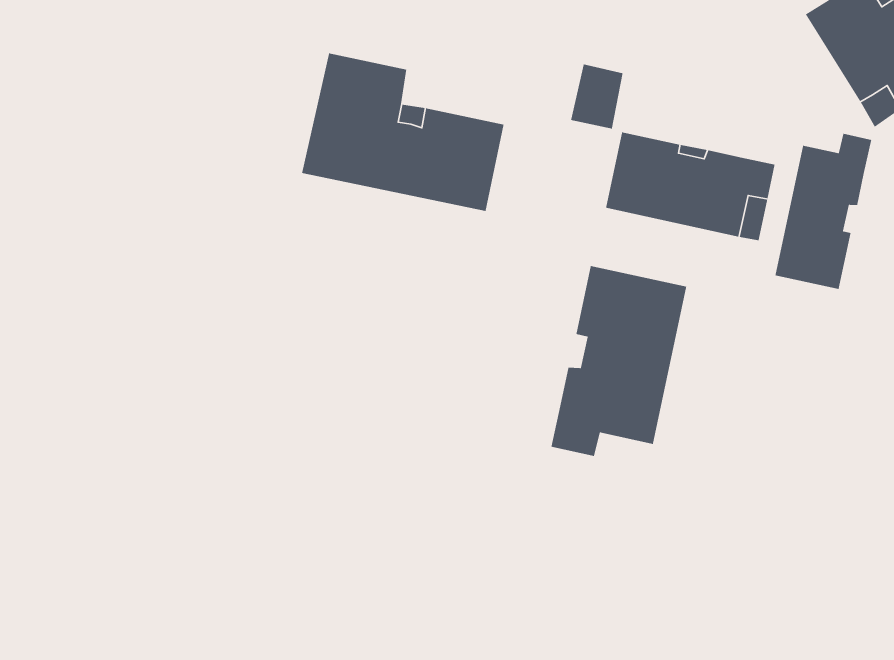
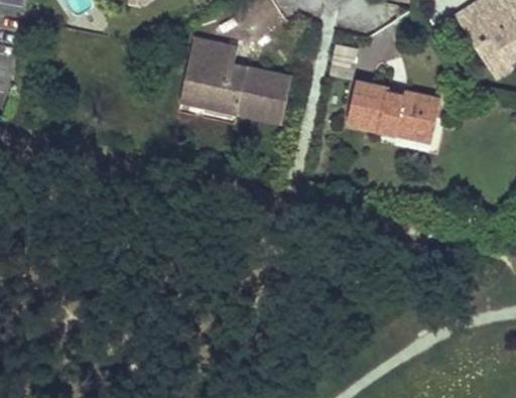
building: [775,133,872,290] -> none
building: [551,265,687,457] -> none

